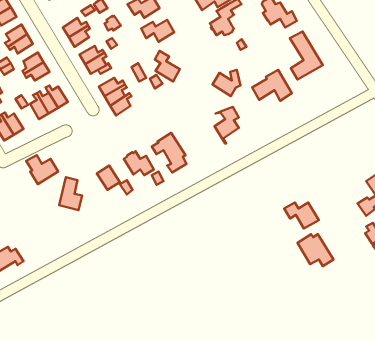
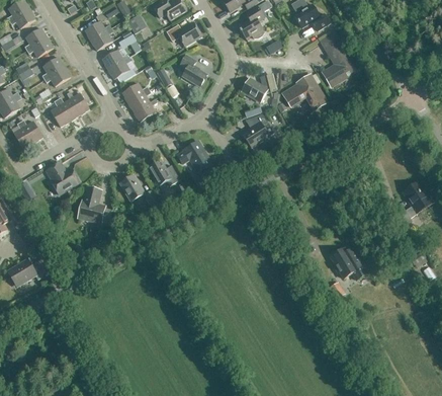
building: [284,203,319,229] -> none

